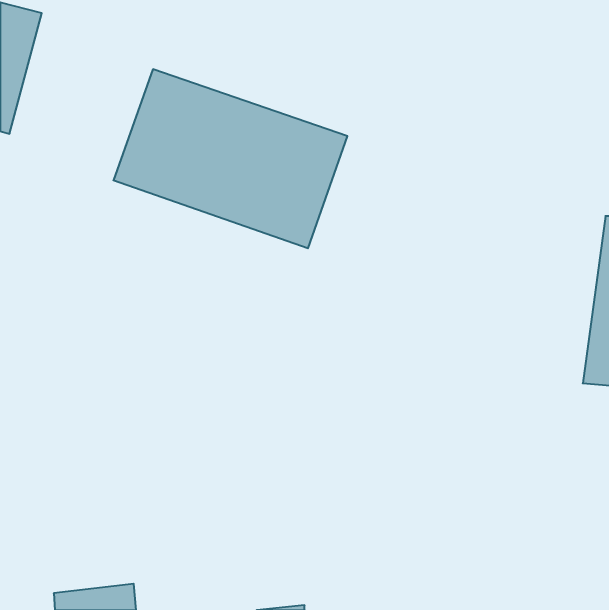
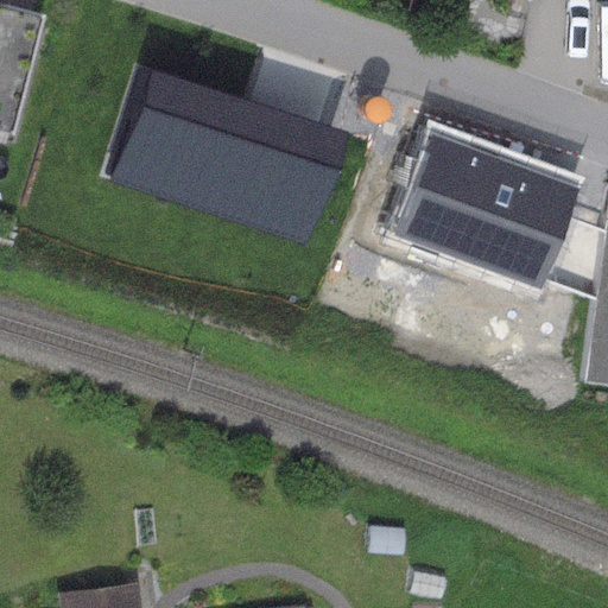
building: none -> [395,135,580,291]

